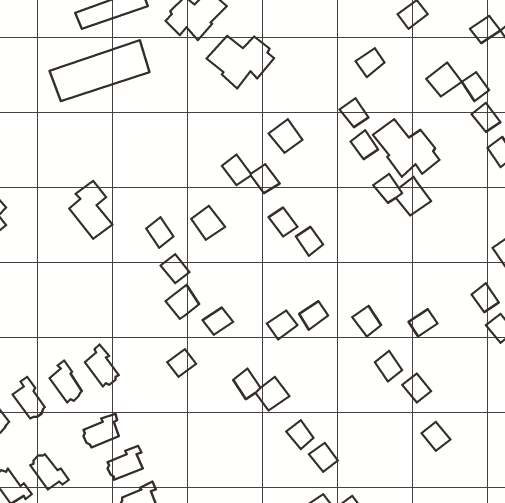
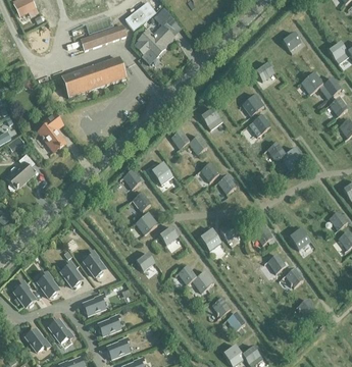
building: [206,36,274,89] -> none
building: [373,119,440,177] -> none
building: [69,181,113,239] -> [38,114,65,151]

